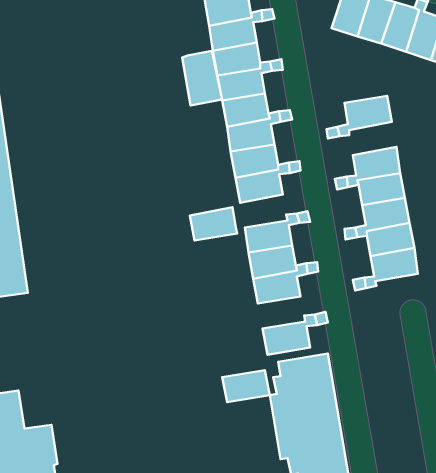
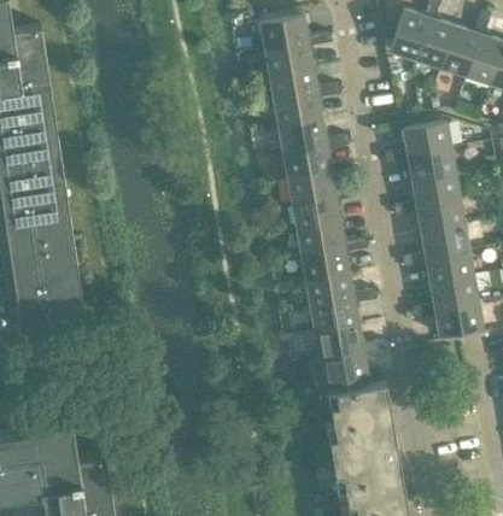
building: [182,51,222,105] -> none
building: none -> [408,149,456,183]
building: [190,207,237,241] -> [297,223,345,257]
building: none -> [434,304,482,339]
building: [222,370,270,402] -> [315,327,363,359]

